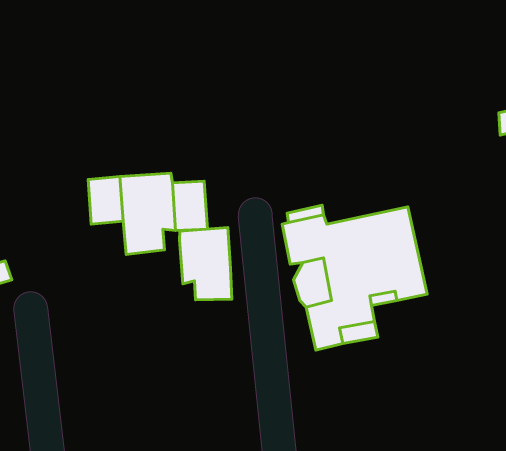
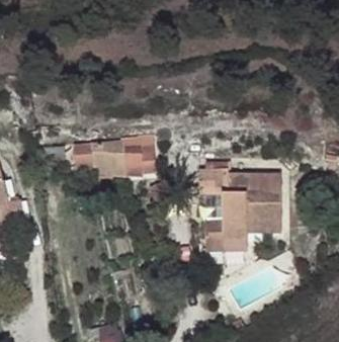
building: [180,227,232,300] -> none

